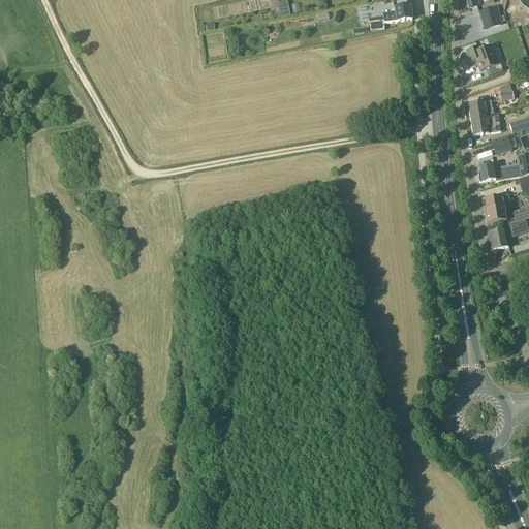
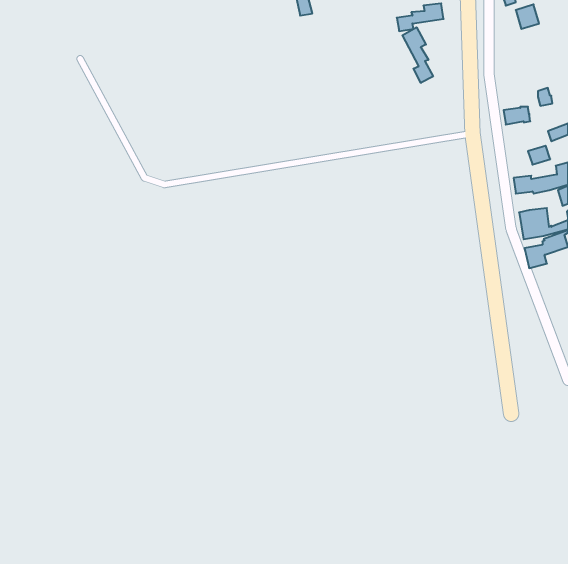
building: none -> [402,27,433,83]
building: [466,43,498,69] -> none
building: [470,113,500,134] -> none

